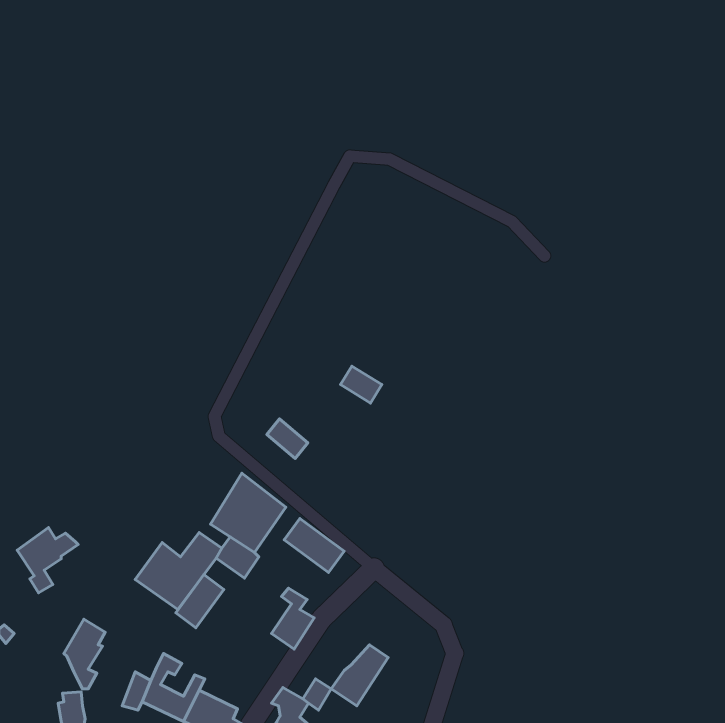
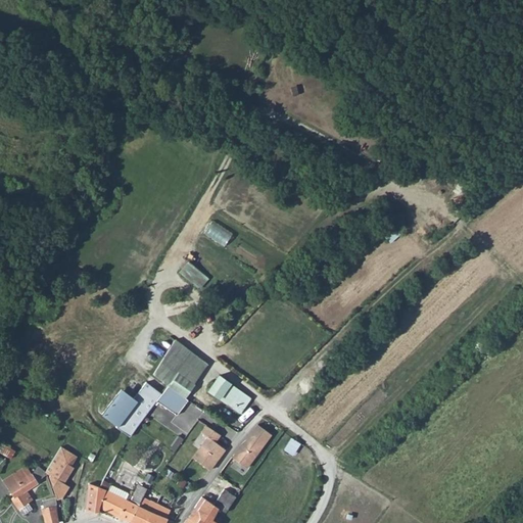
building: [341,366,382,403] -> [203,221,233,247]
building: [267,419,308,459] -> [179,262,208,290]
building: [17,528,78,593] -> [4,462,48,509]
building: [176,575,224,628] -> none
building: [331,645,388,706] -> [231,423,272,467]

